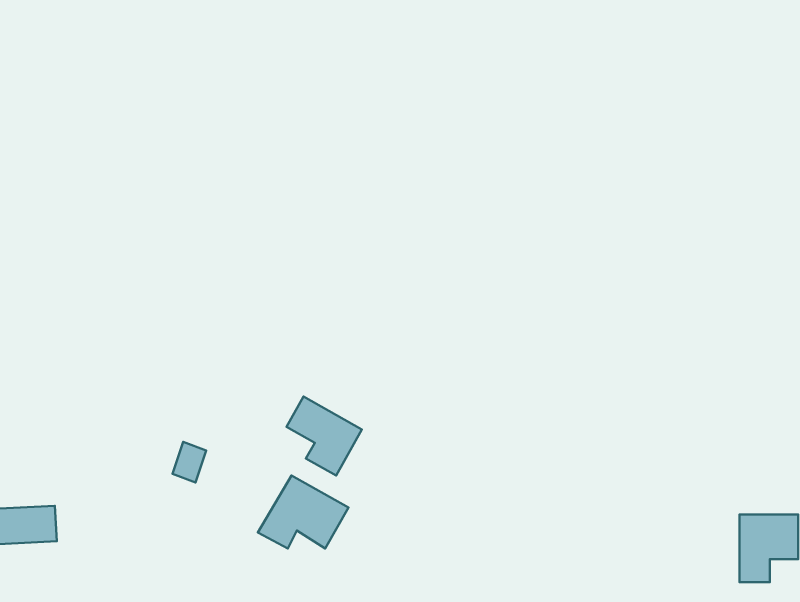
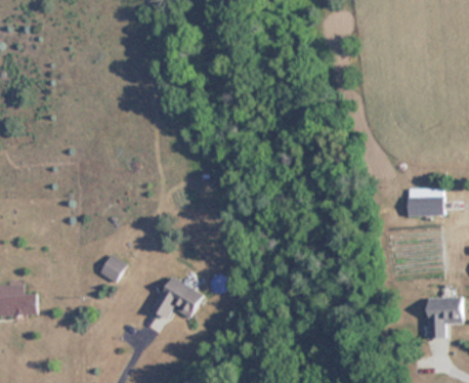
building: none -> [407,196,442,214]
building: [286,397,362,475] -> none

